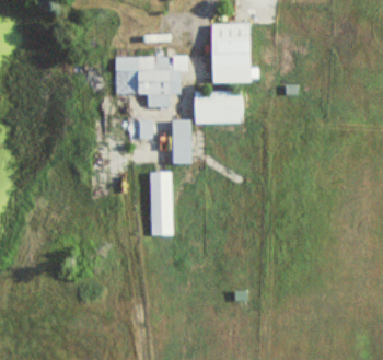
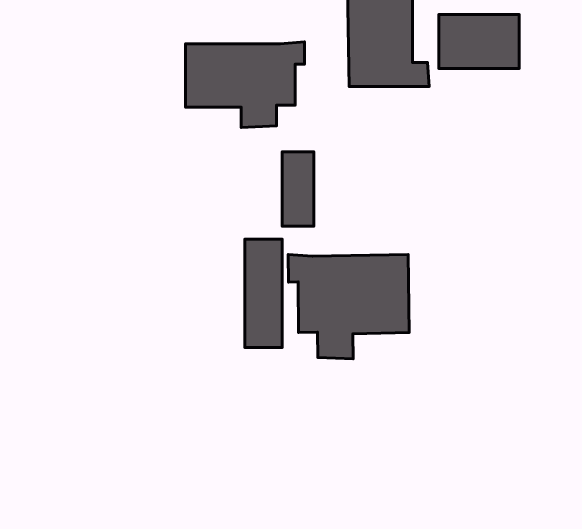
building: [195,91,242,123] -> [439,15,519,69]
building: none -> [288,254,409,359]

